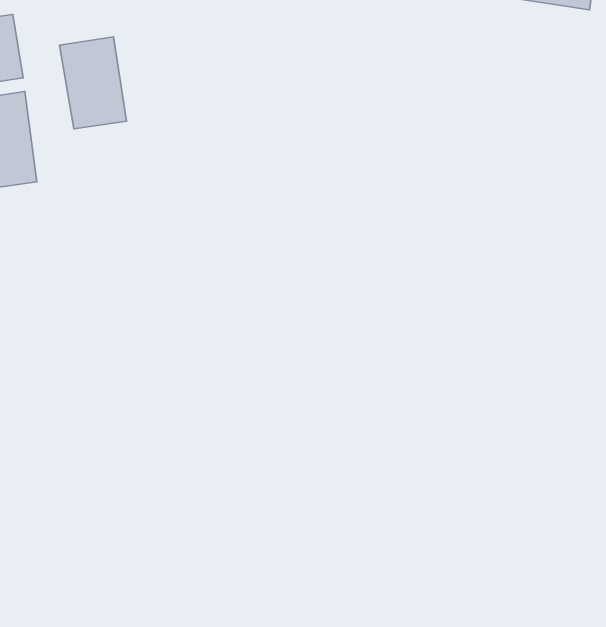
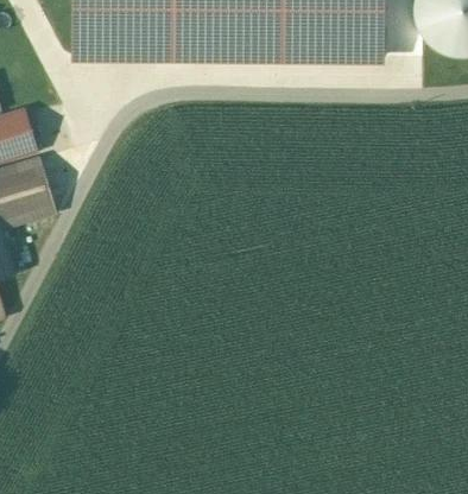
building: [60,37,126,129] -> none

